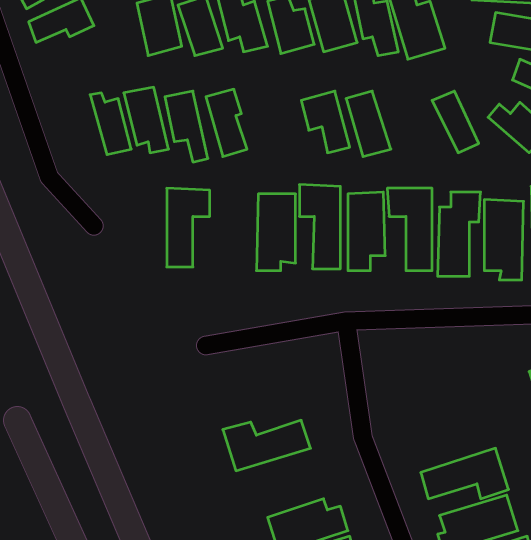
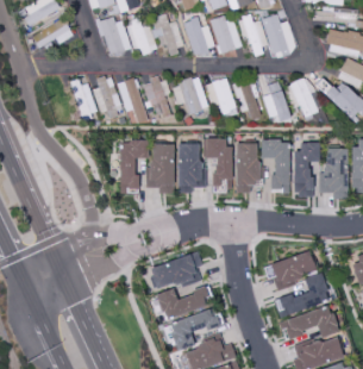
building: none -> [173,77,207,114]
building: none -> [264,82,287,120]
building: none -> [149,144,175,193]
building: none -> [263,251,331,317]
building: none -> [149,254,202,289]
building: none -> [169,309,219,351]

